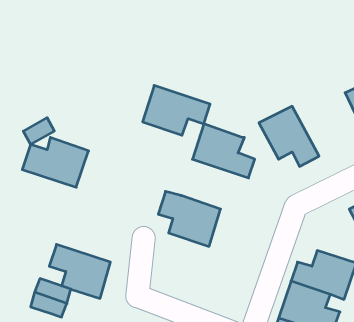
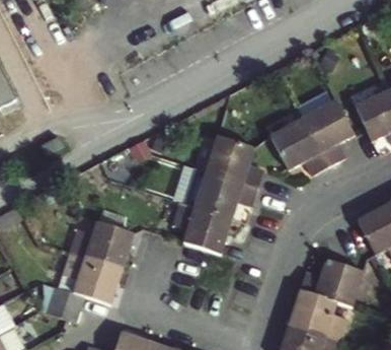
building: [143,85,210,135] -> [192,169,258,218]
building: none -> [301,100,354,166]
building: [22,137,89,187] -> [71,221,136,270]

